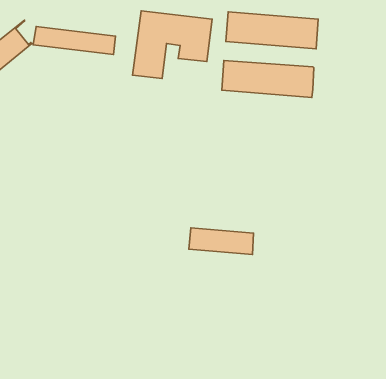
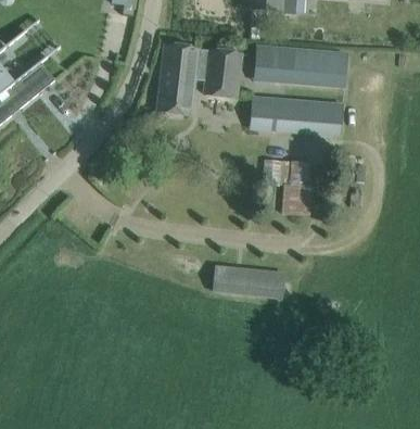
building: [33,27,115,54] -> none
building: none -> [263,157,311,216]

